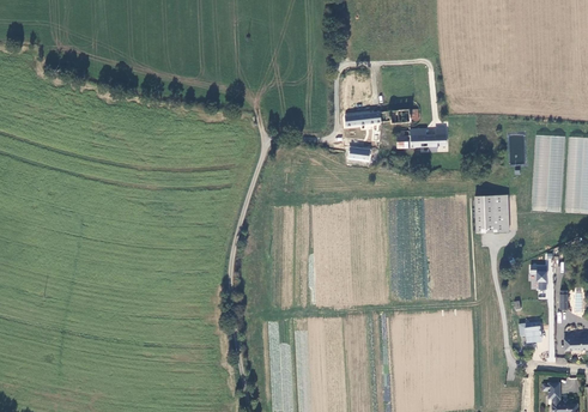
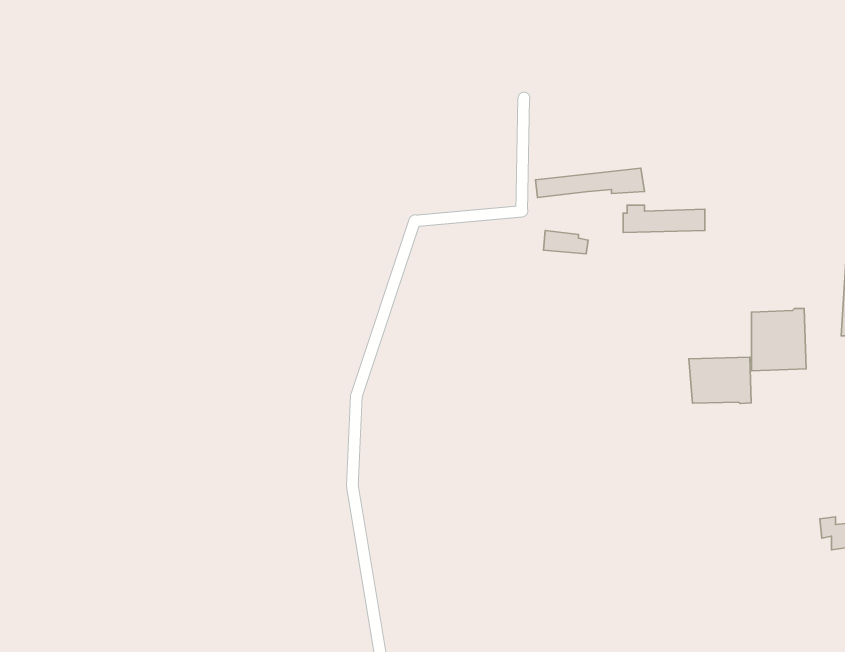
building: none -> [689,357,751,403]

